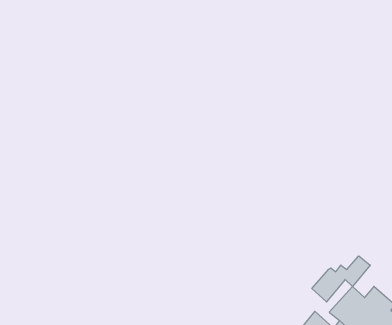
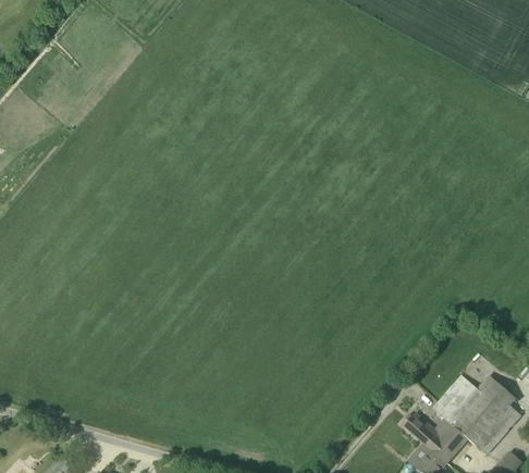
building: [312,256,370,302] -> none

